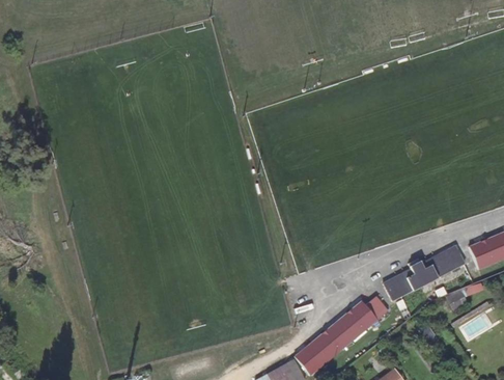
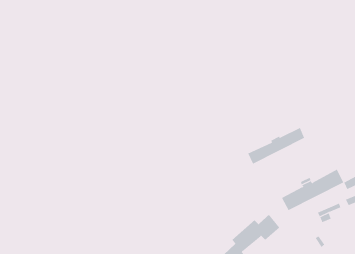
building: none -> [248,127,305,164]

